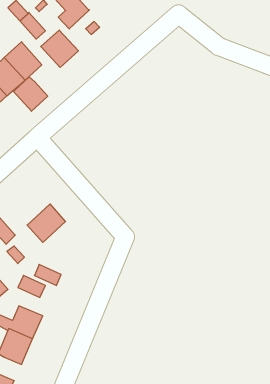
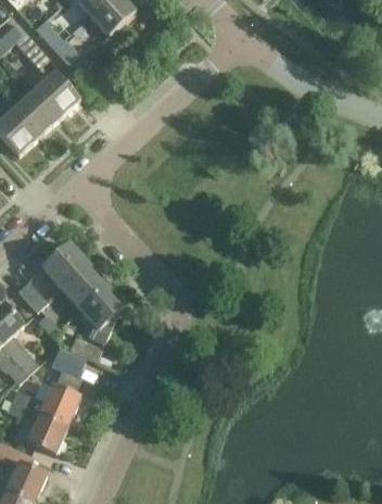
building: [41,30,78,67] -> none
building: [13,77,48,111] -> none
building: none -> [41,242,88,288]
building: none -> [79,284,124,342]

